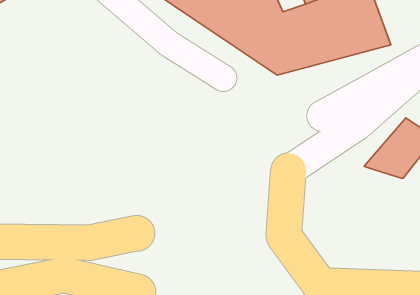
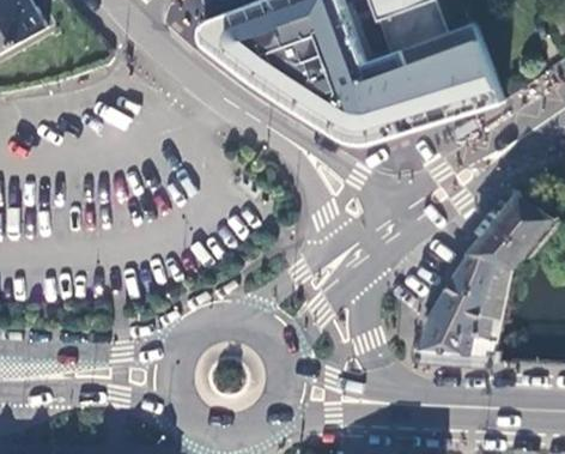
building: none -> [417,250,514,351]

